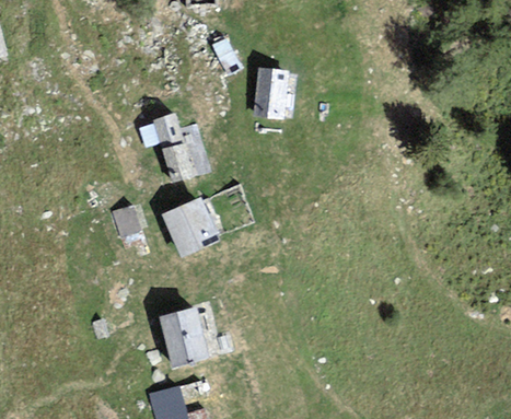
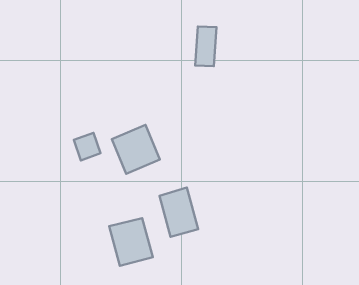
building: [151,113,193,181] -> none
building: none -> [160,187,198,237]

